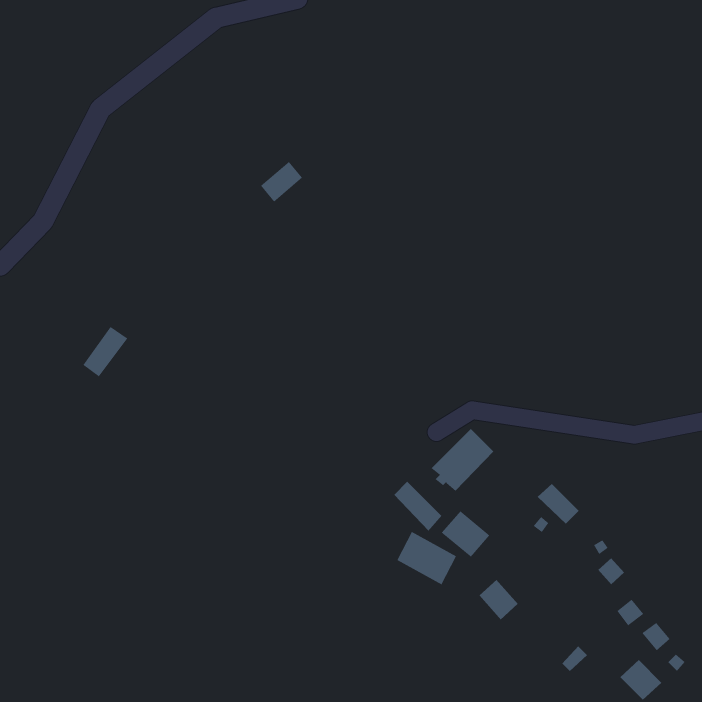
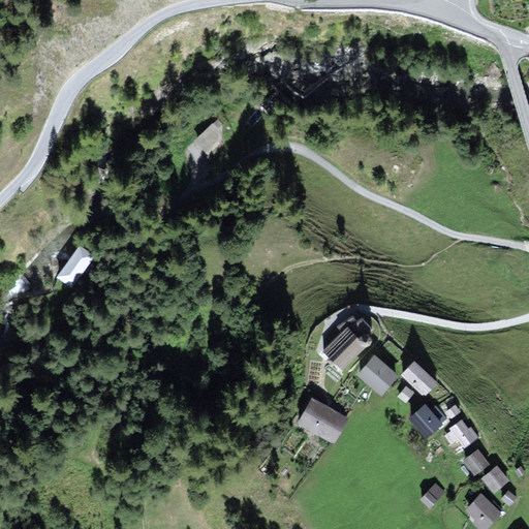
building: [393,481,442,531] -> none
building: [441,511,490,557] -> [360,357,397,393]
building: [479,579,518,620] -> [408,403,438,434]

